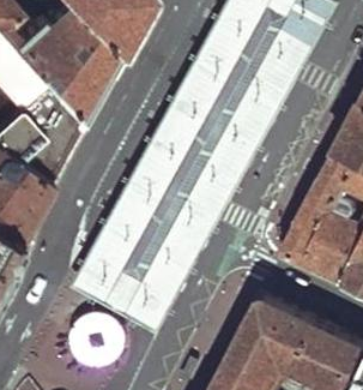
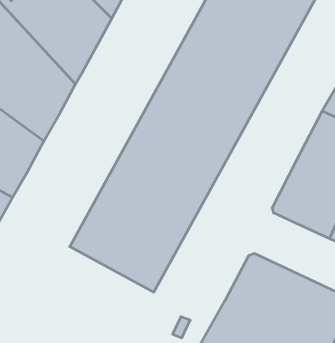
building: [68,314,122,368] -> none

